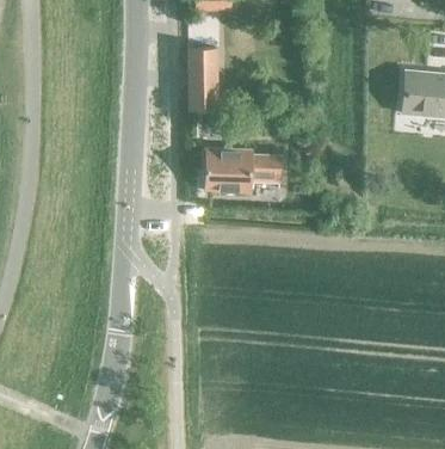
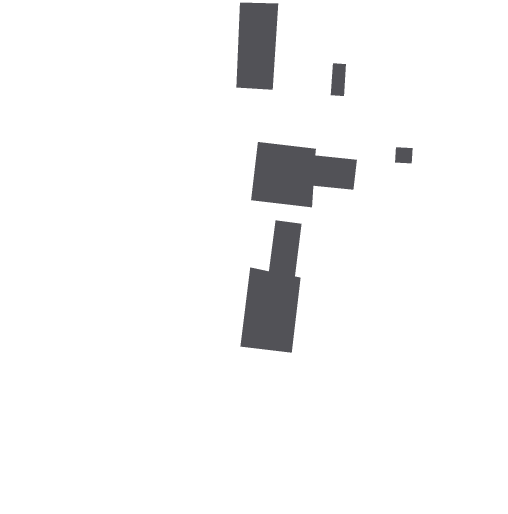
building: none -> [240,220,303,353]

